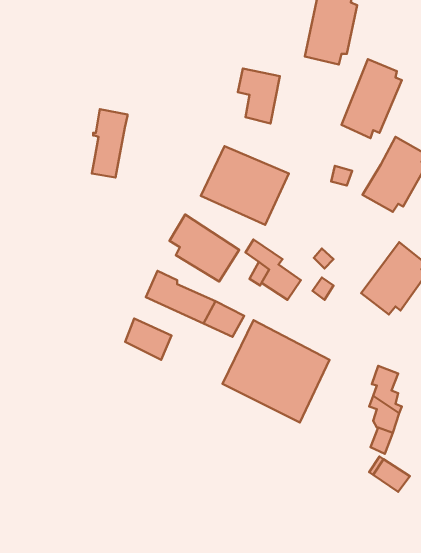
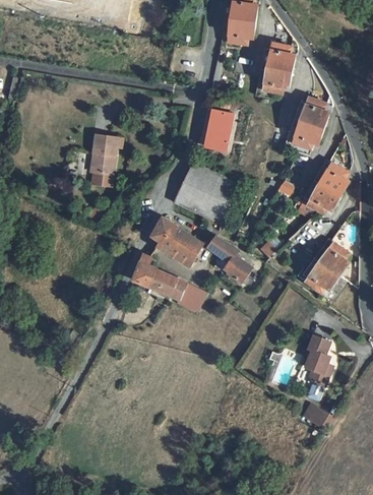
building: [125,318,172,360] -> none
building: [222,320,330,423] -> none

